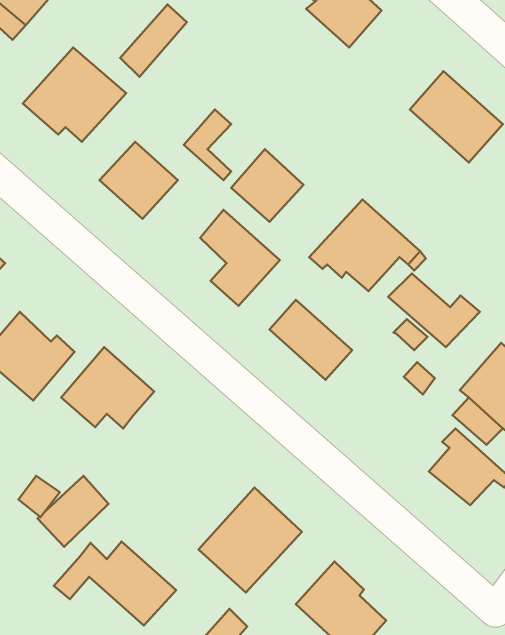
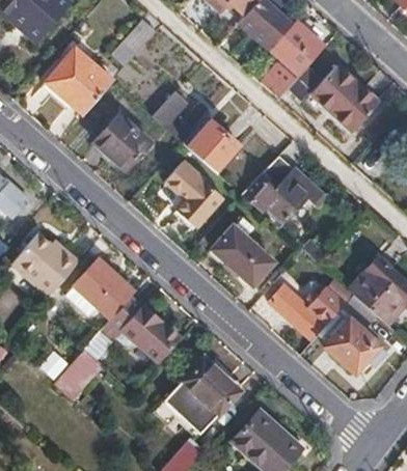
building: none -> [261,24,325,99]
building: [388,273,480,347] -> [270,285,334,337]
building: [54,541,176,626] -> [93,306,180,365]

